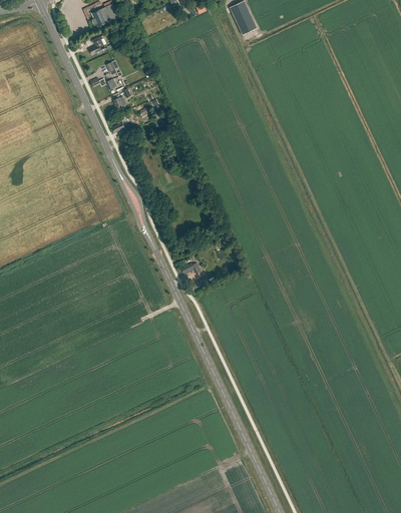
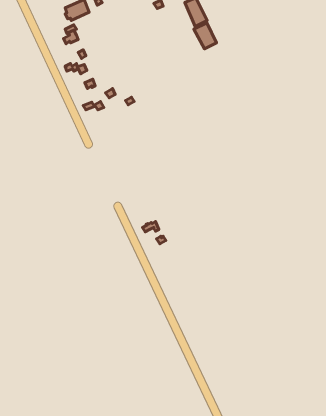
building: none -> [194,23,216,49]

